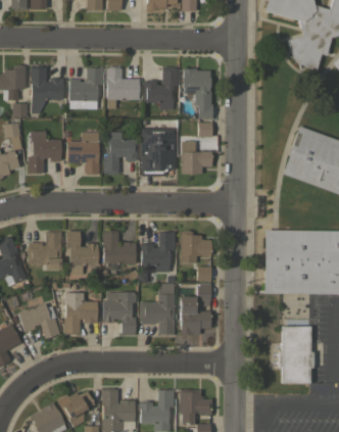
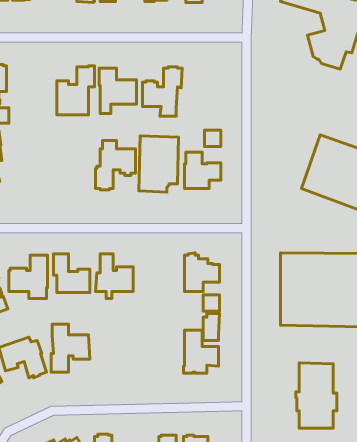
building: [31,66,63,113] -> none
building: [183,68,212,118] -> none
building: [28,131,61,174] -> none
building: [67,132,99,175] -> none
building: [141,232,175,272] -> none
building: [140,283,175,335] -> none
building: [103,292,136,335] -> none

